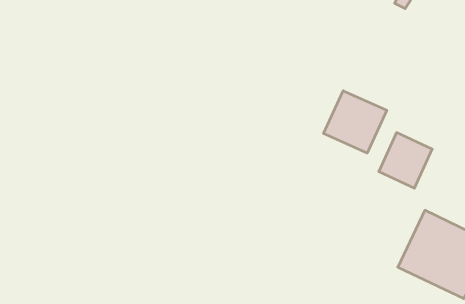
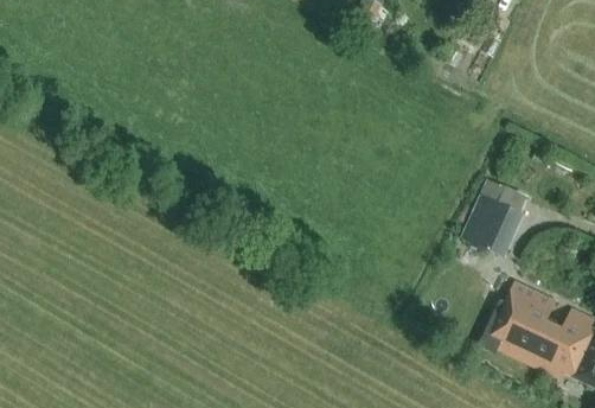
building: [324,91,387,153] -> none

